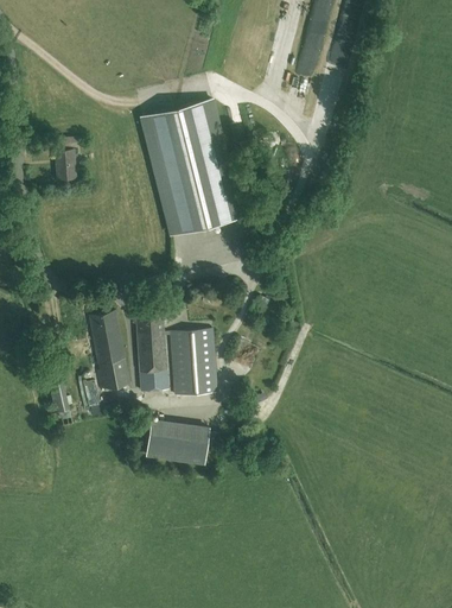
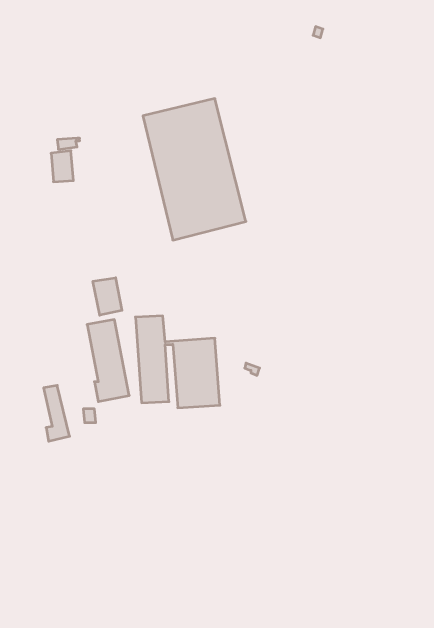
building: none -> [93,278,122,315]
building: [146,425,209,469] -> none

